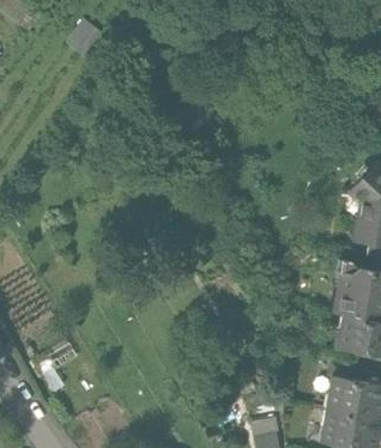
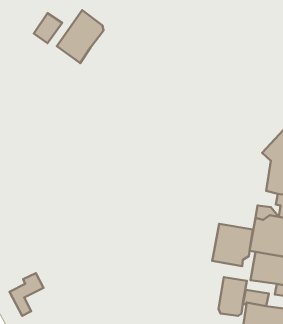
building: none -> [57,10,104,63]
building: none -> [212,224,253,266]
building: none -> [219,277,247,316]

